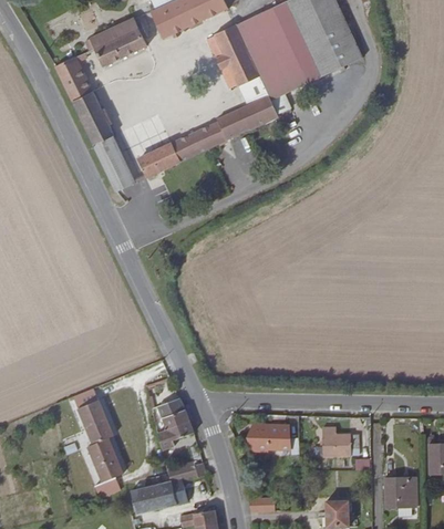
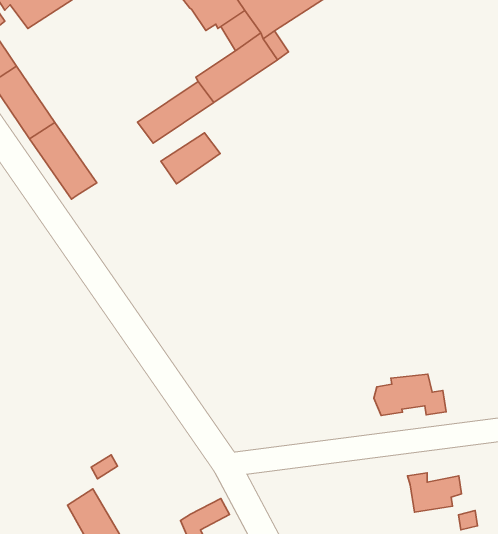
building: [136,145,179,178] -> [161,133,220,184]
building: [151,400,188,429] -> none
building: [250,423,300,453] -> [374,374,446,416]

